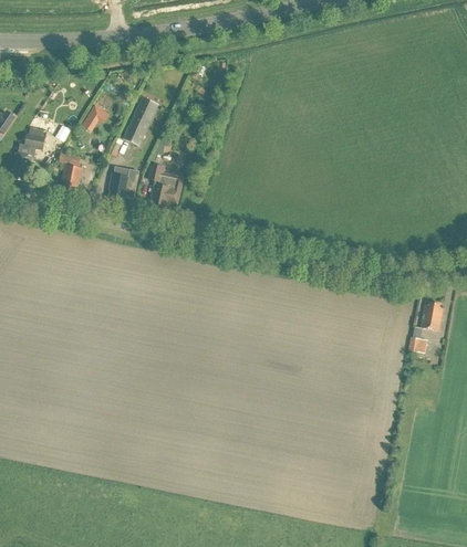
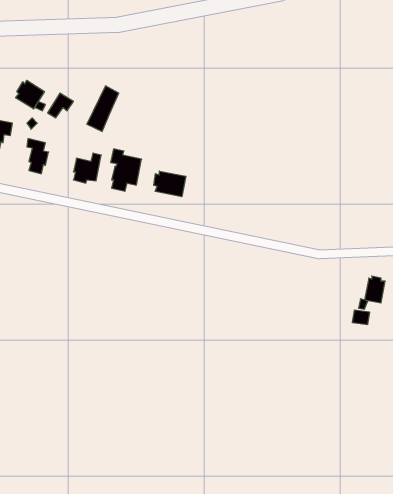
building: none -> [16,80,44,109]
building: none -> [154,171,186,197]

